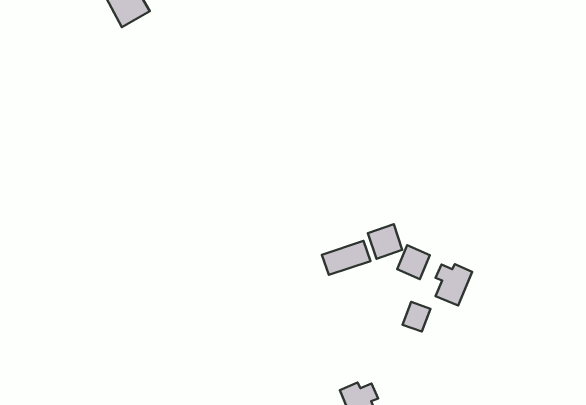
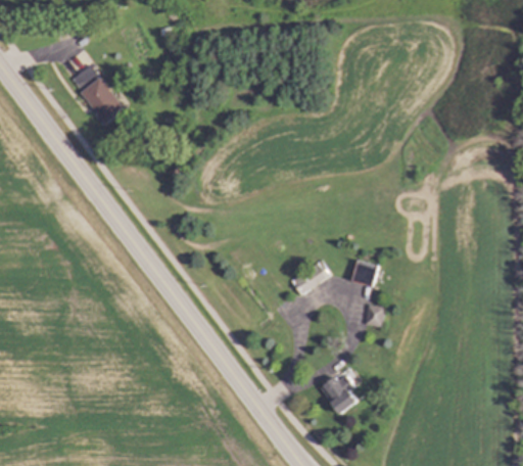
building: [368,224,402,259] -> none
building: [435,264,472,305] -> none

